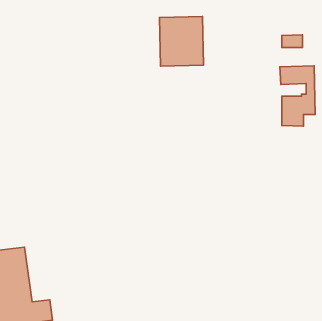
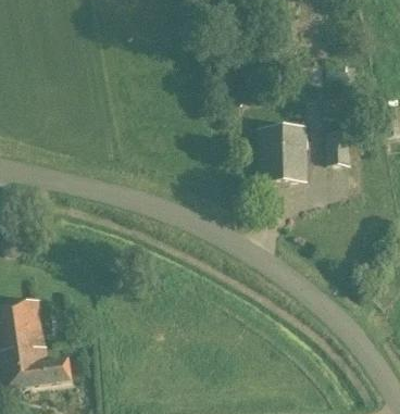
building: [160,16,204,66] -> [258,125,307,180]

